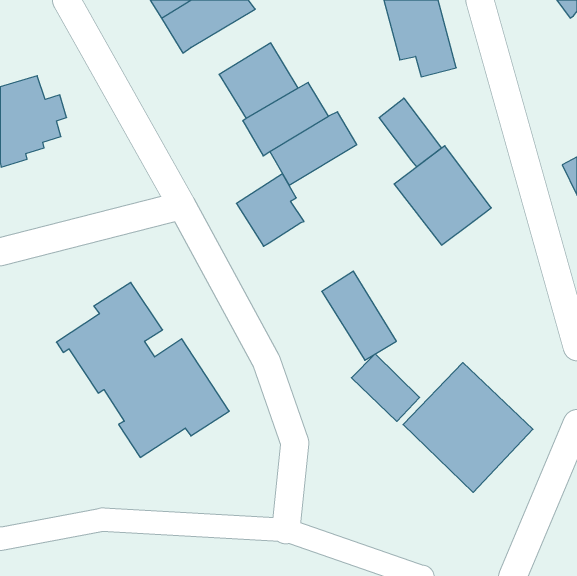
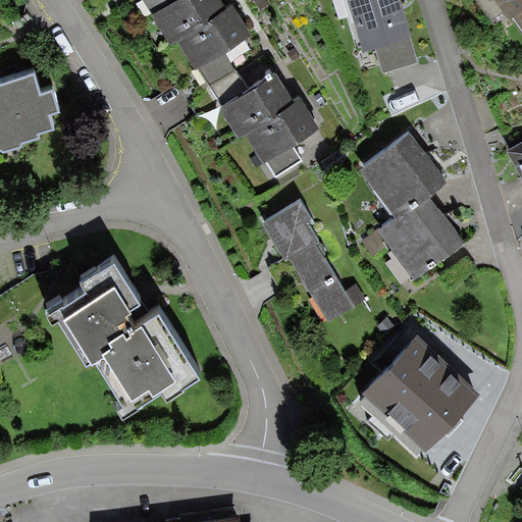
building: none -> [172,6,253,73]
building: [379,98,441,167] -> none
building: [236,174,304,246] -> [261,202,322,267]
building: none -> [374,201,461,285]
building: [351,354,420,421] -> none

